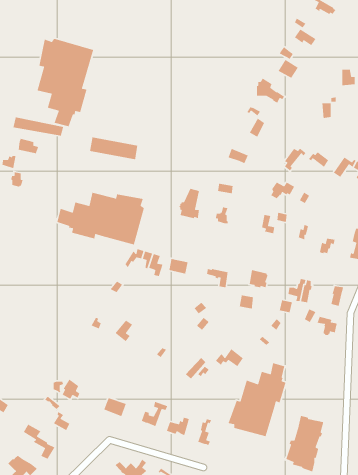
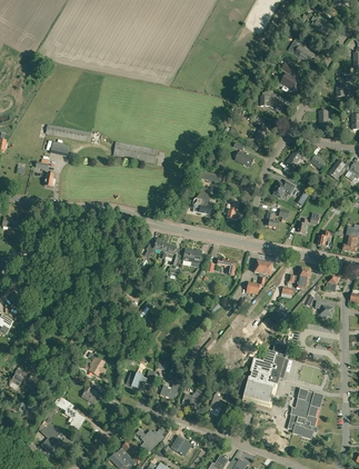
building: [36,38,94,127] -> none
building: [57,192,145,245] -> none

